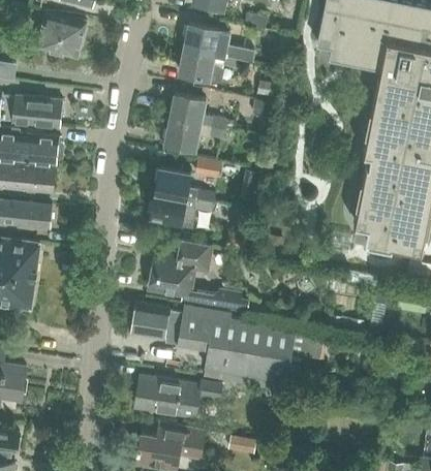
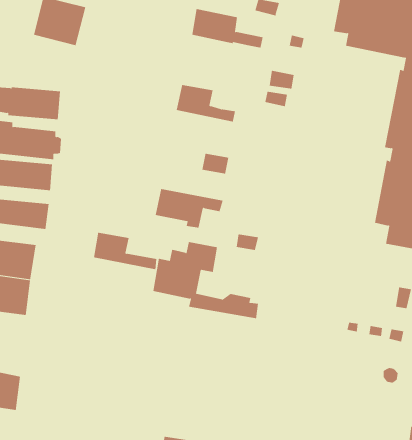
building: [180,49,244,84] -> none
building: [165,119,224,150] -> none
building: [156,168,216,203] -> [93,232,157,270]
building: [131,304,313,394] -> none
building: [134,376,222,419] -> none

